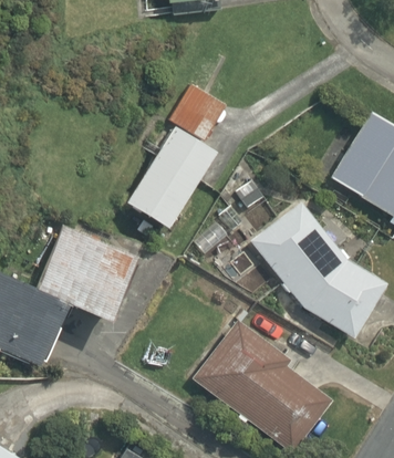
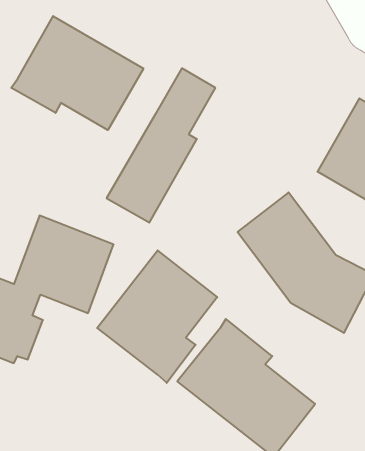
building: none -> [11,16,143,130]
building: none -> [97,250,217,383]

